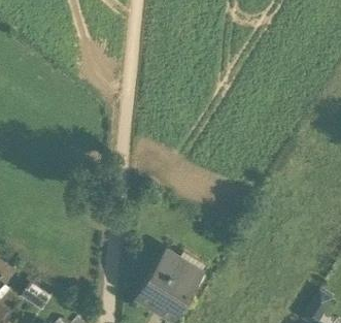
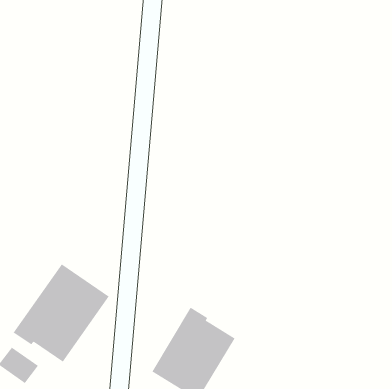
building: none -> [13,264,110,363]

